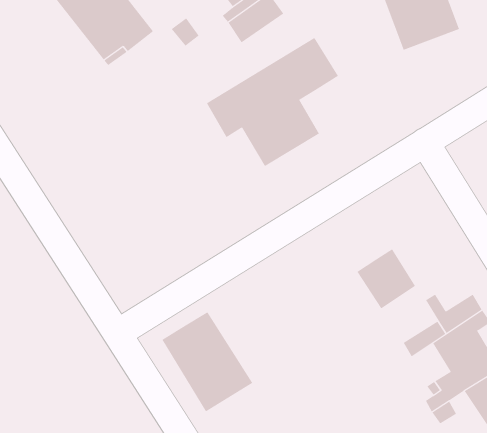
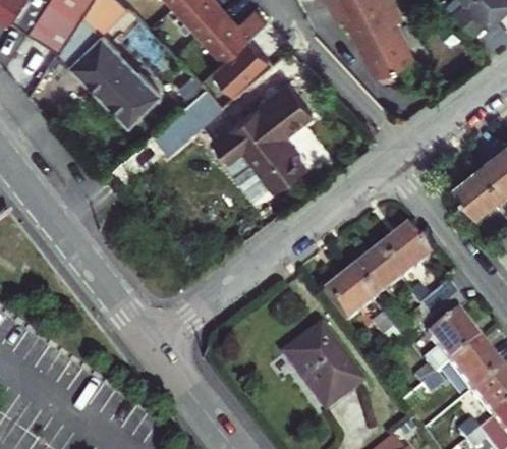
building: none -> [154,88,224,153]
building: none -> [378,228,430,281]
building: none -> [321,274,373,326]
building: [161,312,253,412] -> [284,317,364,401]

